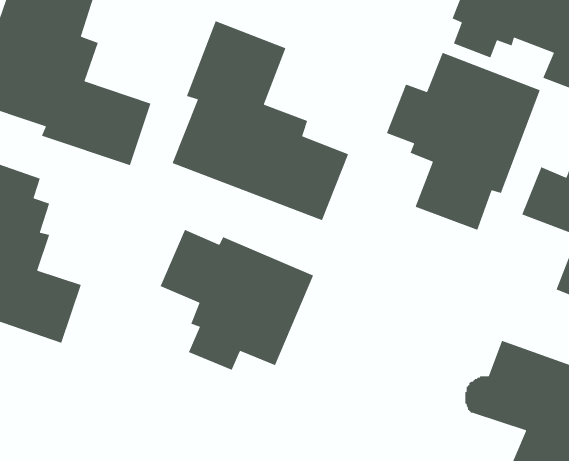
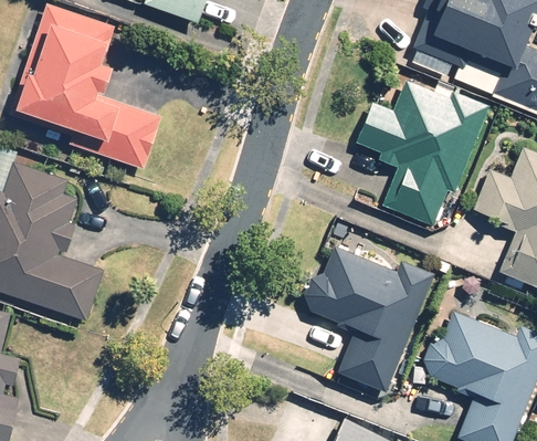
building: [172,20,349,221] -> none
building: [159,229,314,371] -> none
building: none -> [307,245,433,391]

